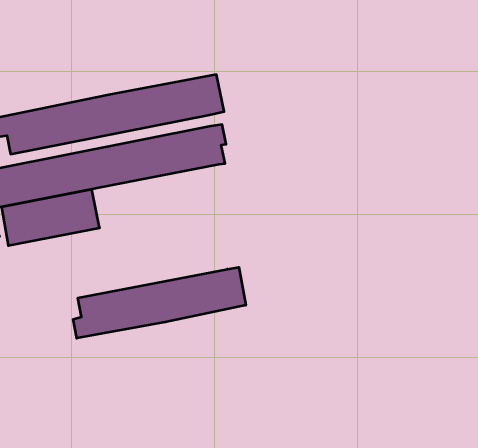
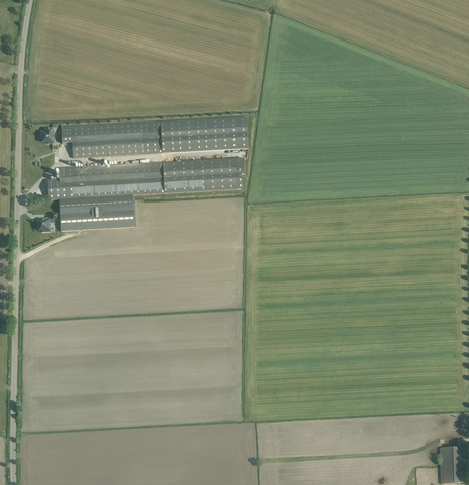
building: [73,267,246,338] -> none

